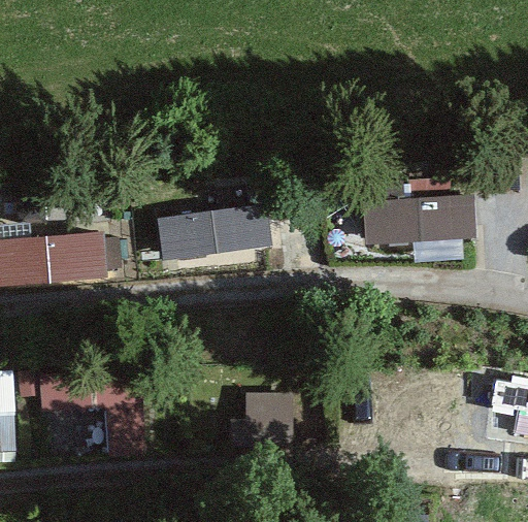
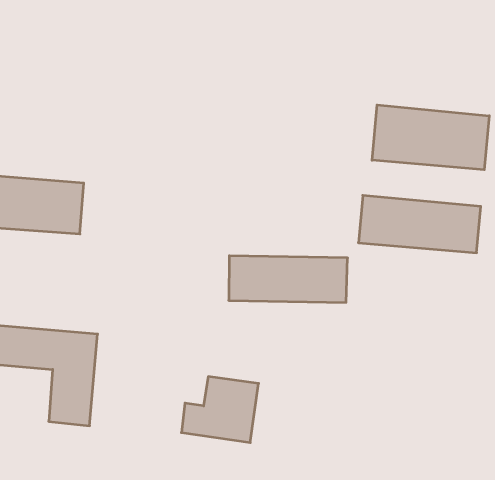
building: none -> [372,105,489,170]
building: [157,202,271,259] -> [229,256,348,302]

